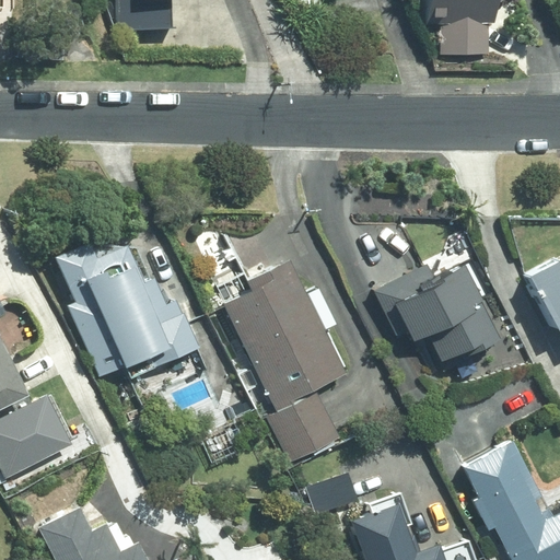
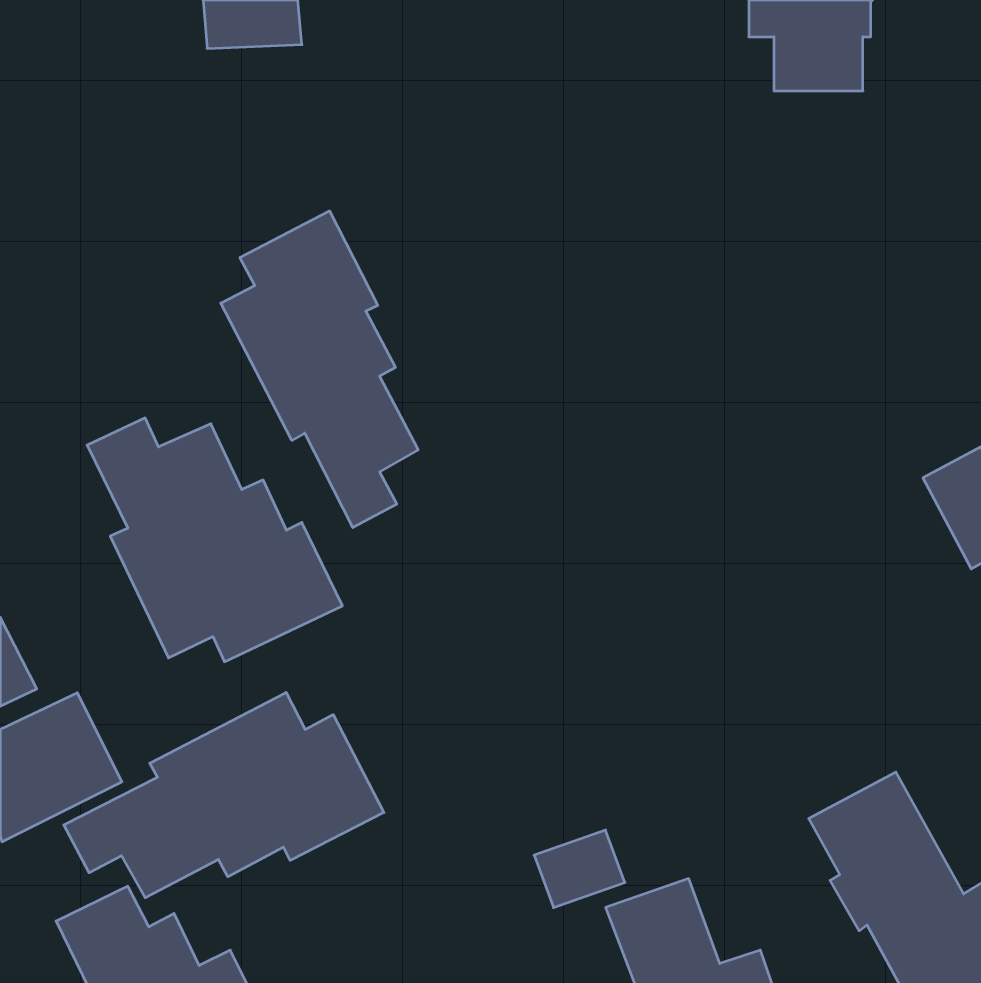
building: none -> [221,211,418,528]
building: [221,254,347,463] -> none
building: [374,262,497,363] -> none
building: none -> [64,692,384,898]

